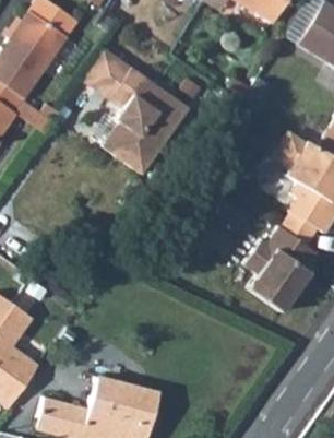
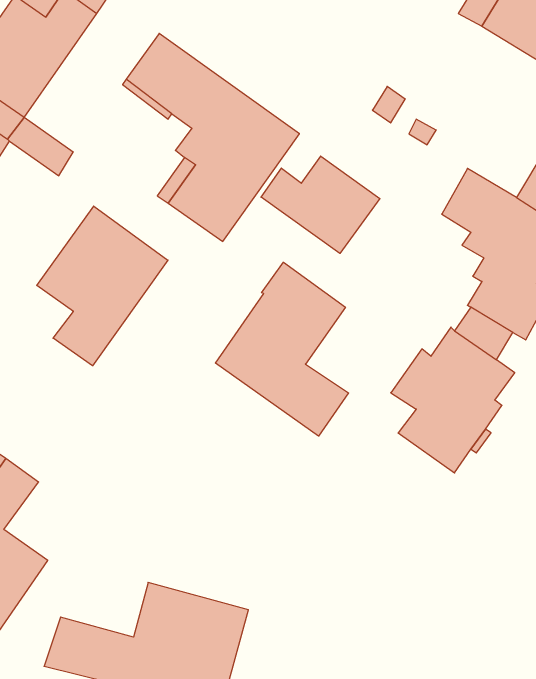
building: none -> [261,156,380,253]
building: none -> [37,206,168,366]
building: none -> [215,262,349,436]

